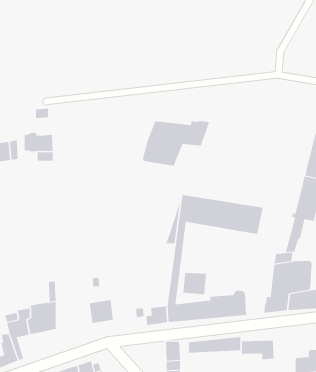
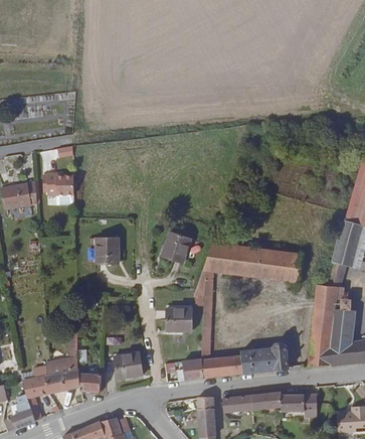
building: [142,120,210,166] -> none
building: none -> [164,228,193,259]
building: none -> [97,236,121,262]
building: [183,272,207,295] -> [167,303,193,327]
building: none -> [79,372,102,392]

